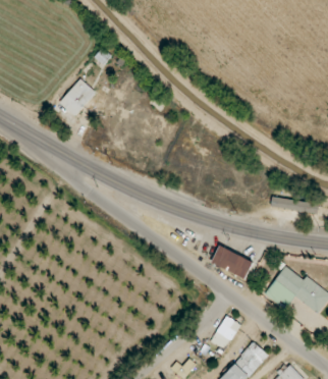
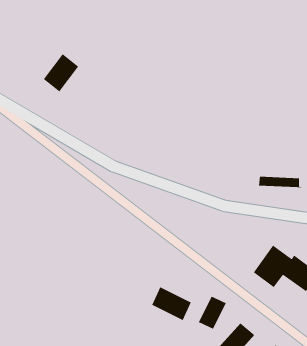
building: [211,247,252,278] -> none
building: none -> [151,286,192,321]

